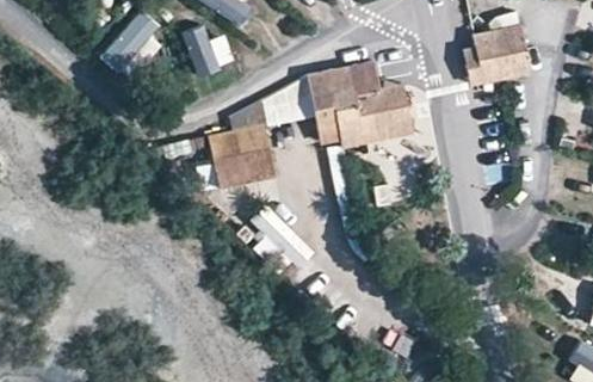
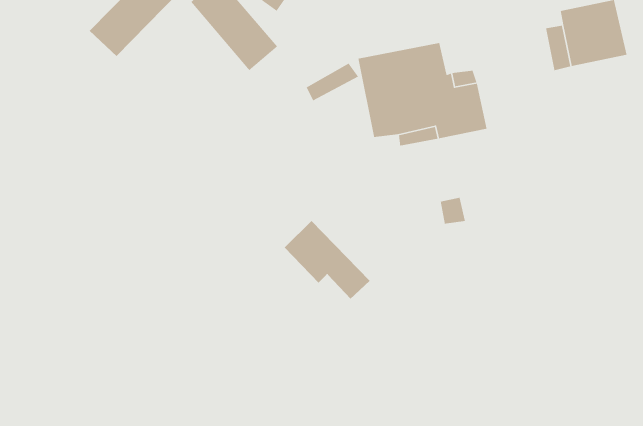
building: [215,100,284,185] -> none

